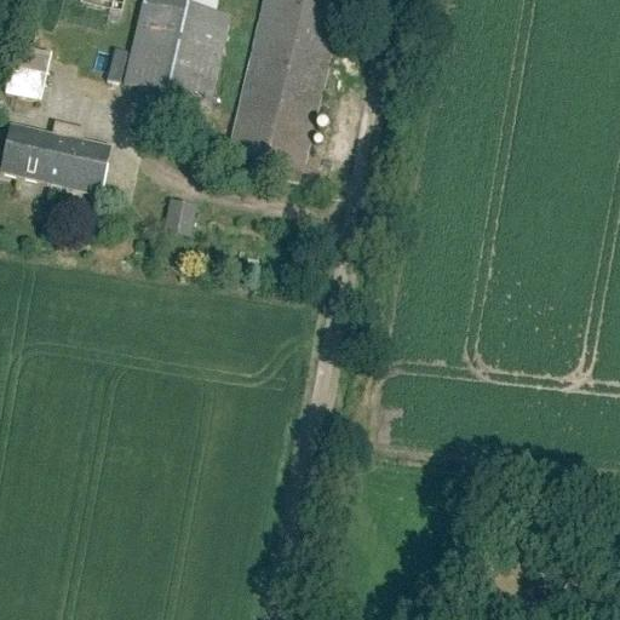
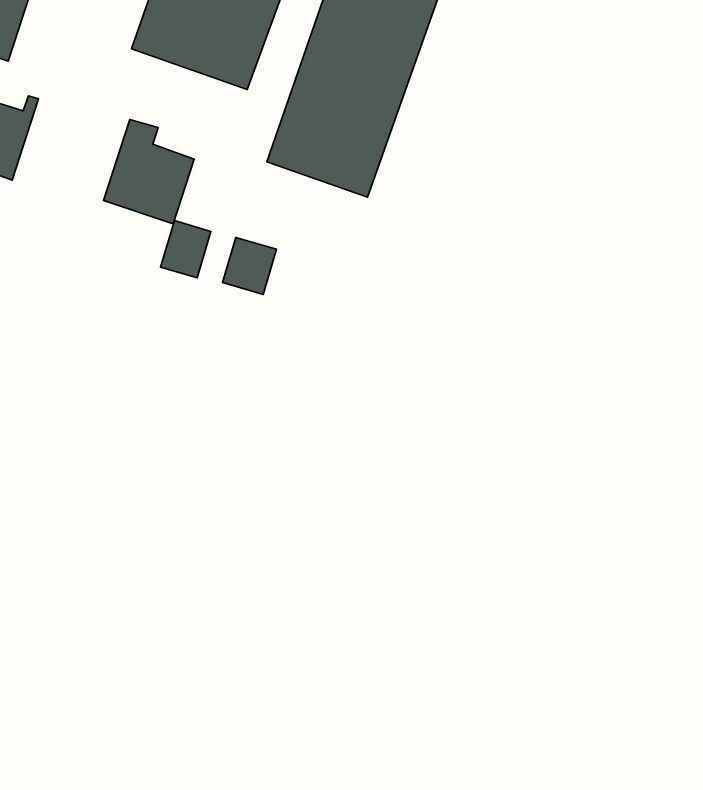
building: [50,122,110,193] -> [104,119,194,224]
building: none -> [223,237,276,294]

